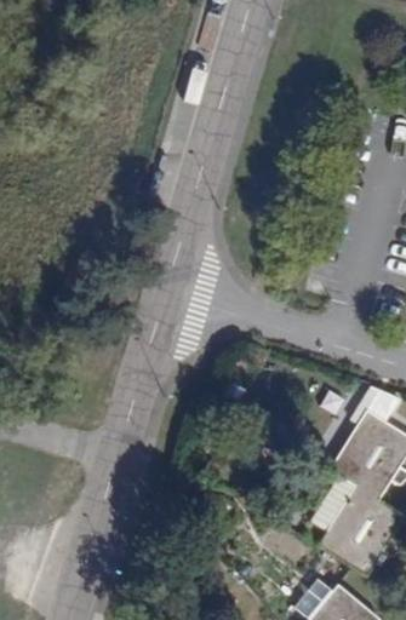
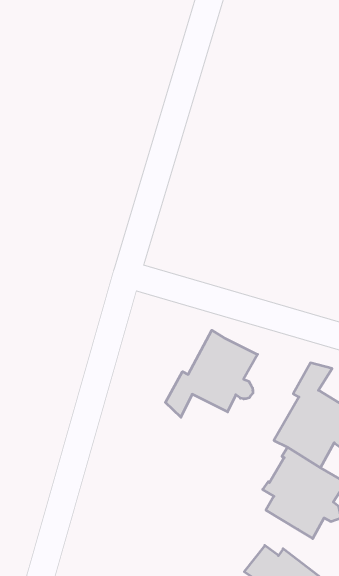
building: none -> [165,330,258,417]

